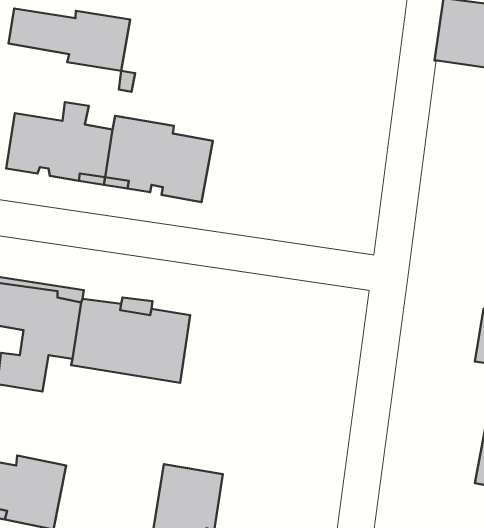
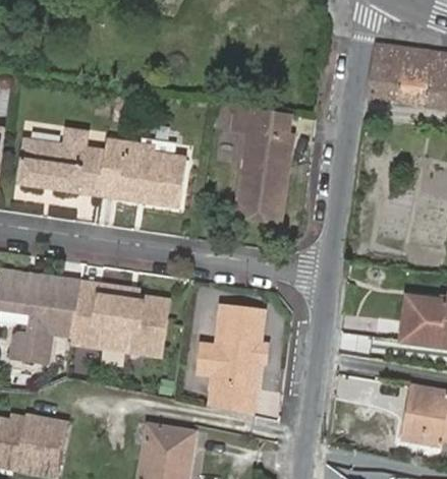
building: [8,8,130,71] -> none
building: none -> [233,107,291,223]
building: none -> [199,305,268,414]

